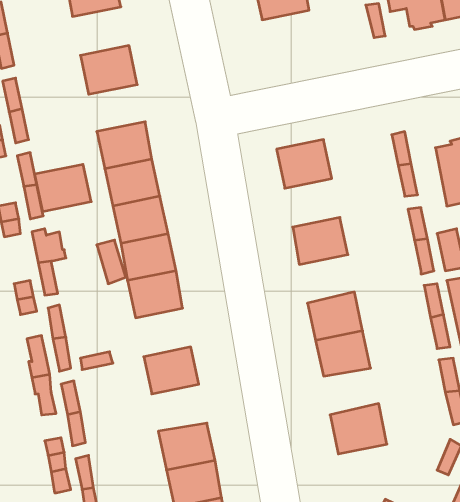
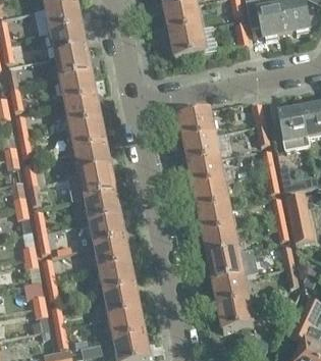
building: none -> [50,23,86,54]
building: none -> [169,25,204,57]
building: [35,164,91,211] -> [60,72,96,102]
building: none -> [183,132,218,162]
building: none -> [193,179,227,210]
building: none -> [90,213,124,244]
building: none -> [208,251,243,280]
building: none -> [100,261,135,291]
building: none -> [217,299,252,329]

